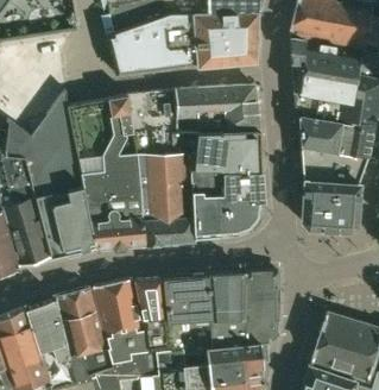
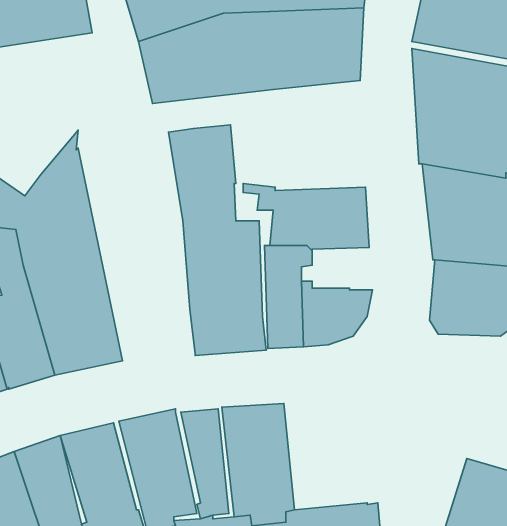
building: [175,86,260,130] -> none
building: [67,94,145,247] -> none
building: [216,171,264,200] -> none
building: [204,271,277,347] -> none

